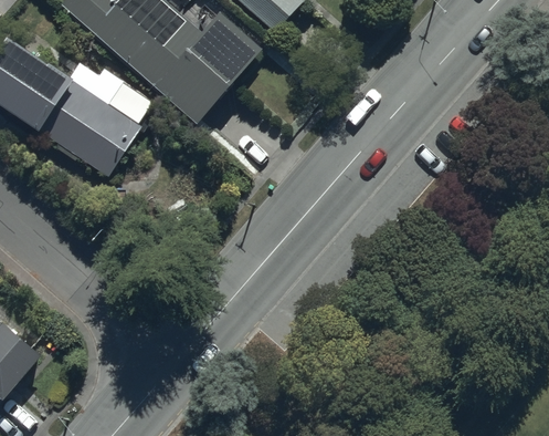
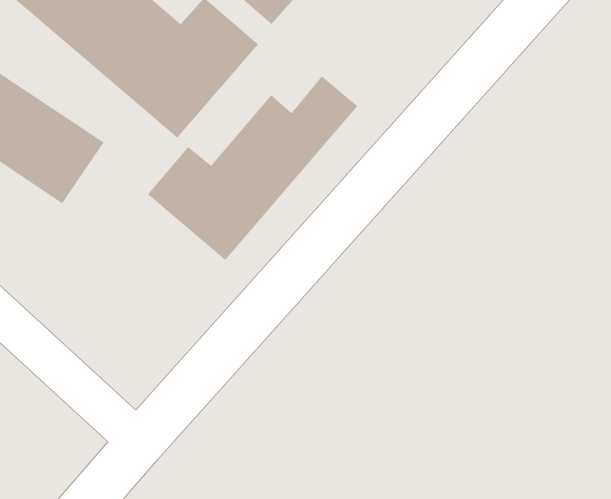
building: none -> [147,75,358,261]

